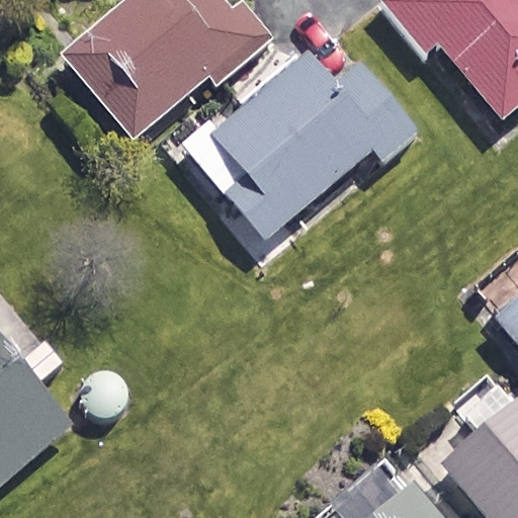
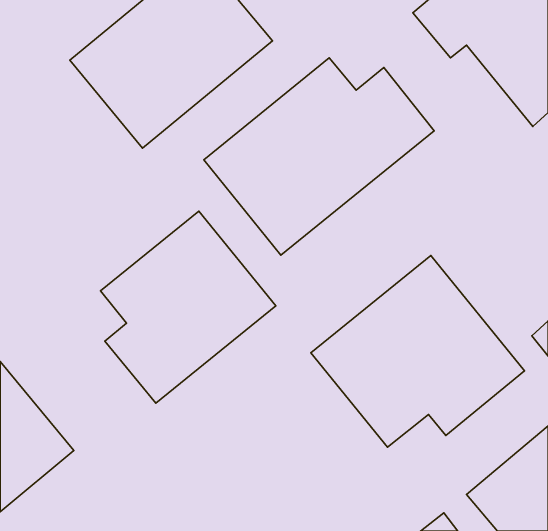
building: none -> [101,211,276,403]
building: none -> [311,255,524,447]

